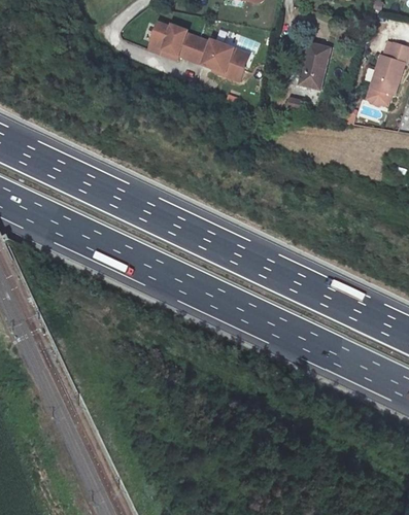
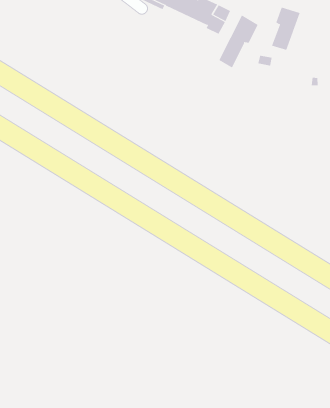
building: none -> [219,15,259,69]

